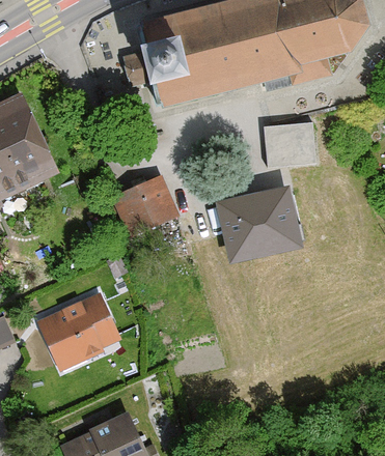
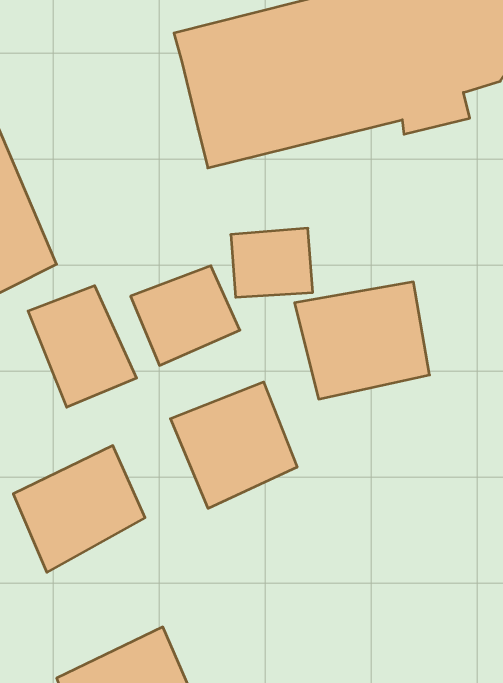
building: [264,124,317,169] -> [231,228,313,297]
building: none -> [28,286,137,407]
building: none -> [170,382,297,508]

